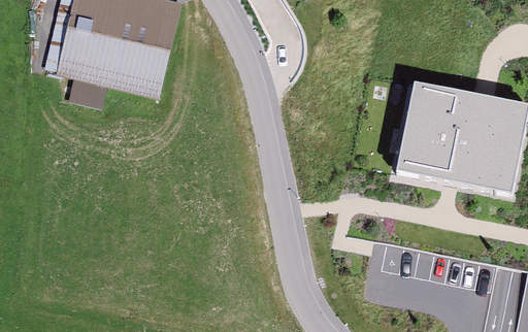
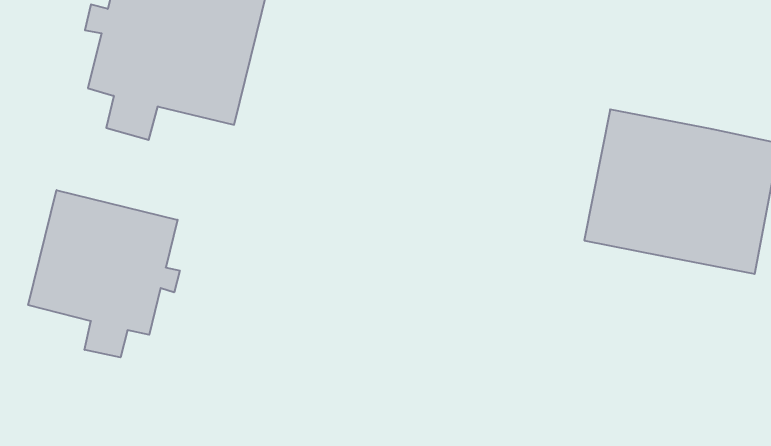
building: none -> [28,190,180,357]

